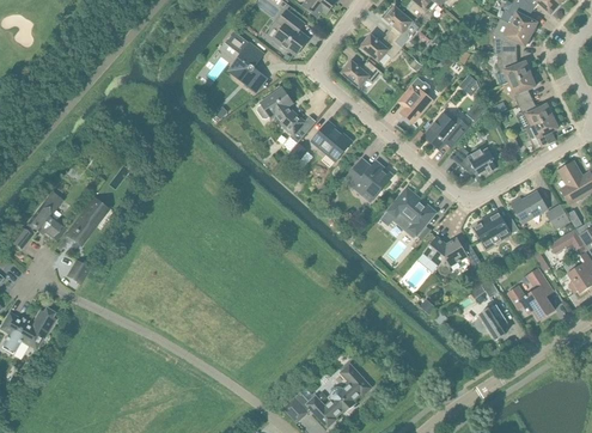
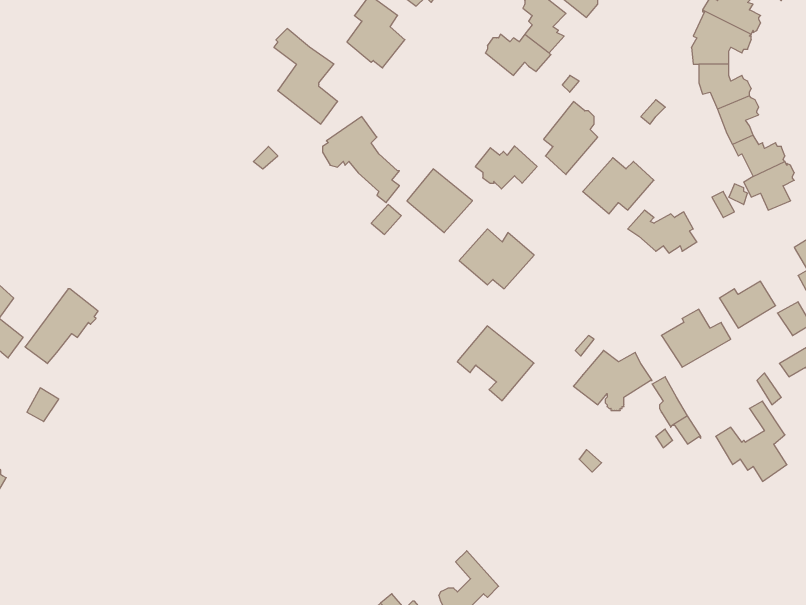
building: [342,59,382,86] -> [475,146,537,189]
building: [387,187,437,234] -> [457,326,534,401]
building: [476,303,508,339] -> none

